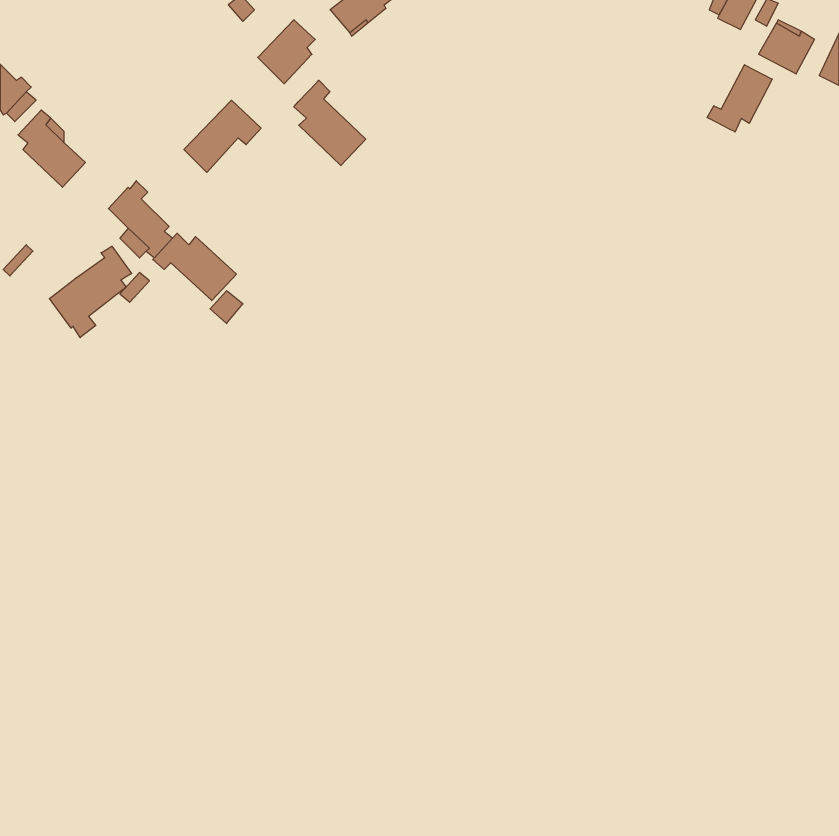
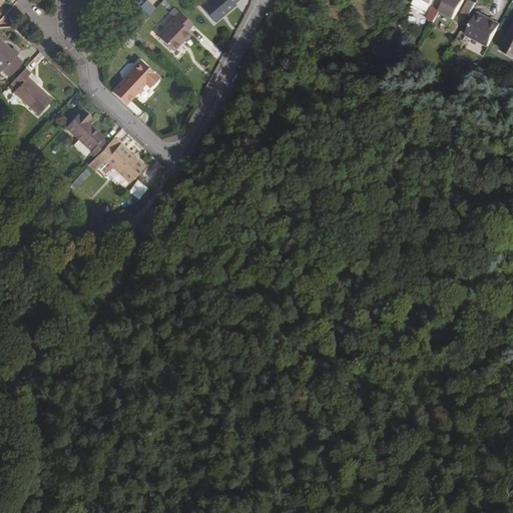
building: [707,65,772,132] -> none
building: [294,80,366,166] -> none
building: [49,246,132,338] -> none

